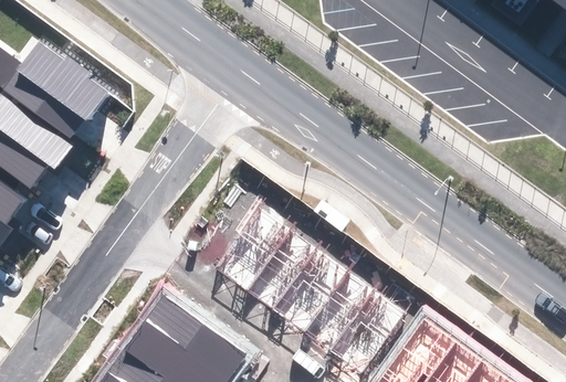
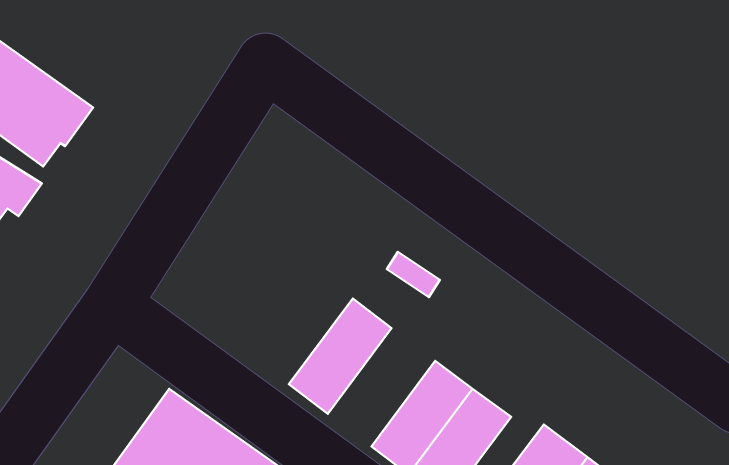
building: [216,206,292,289] -> none
building: [274,250,350,333] -> none

